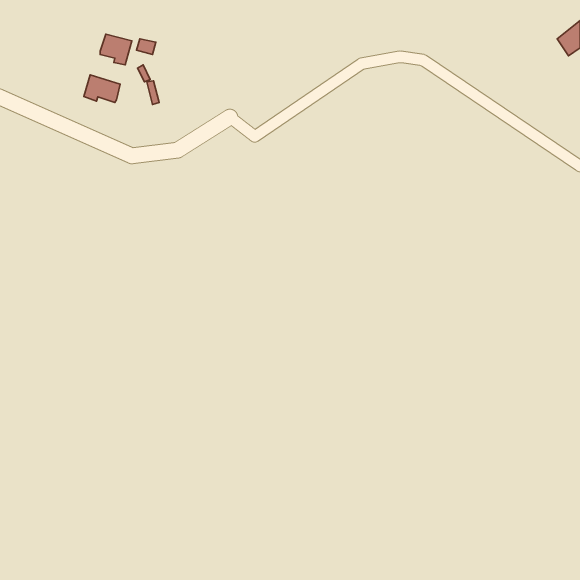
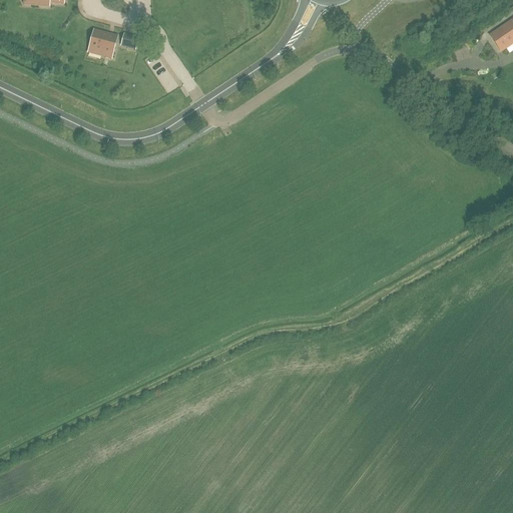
building: [84,75,120,103] -> none

